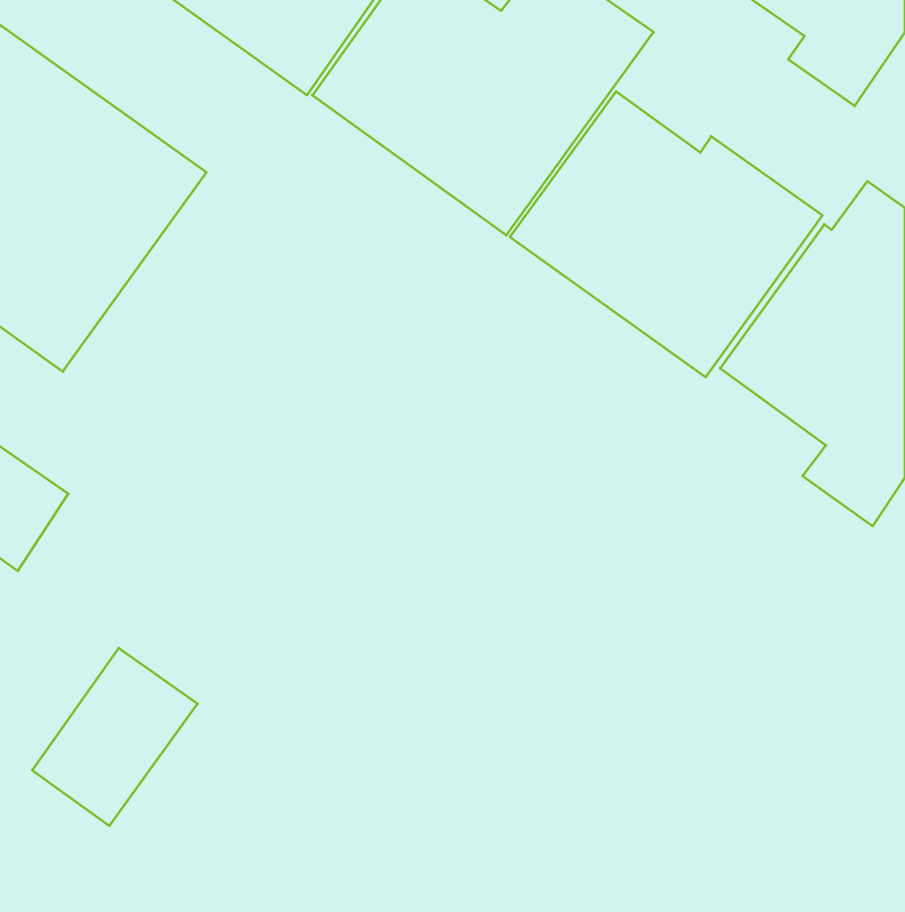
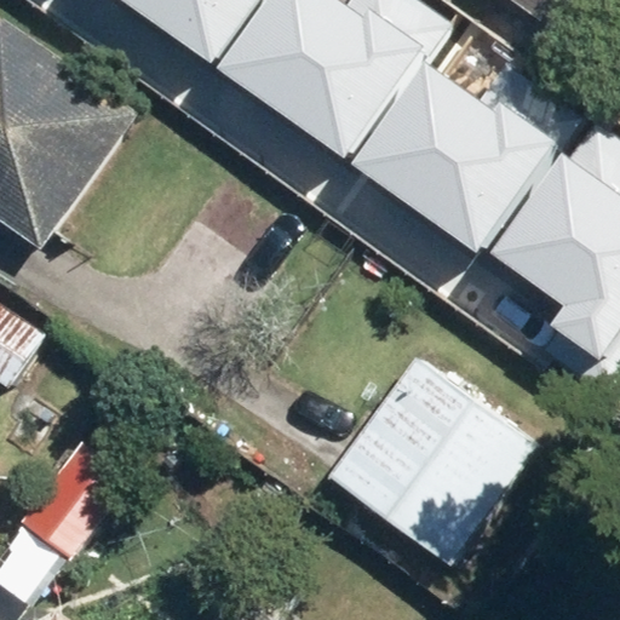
building: none -> [328,354,541,567]

